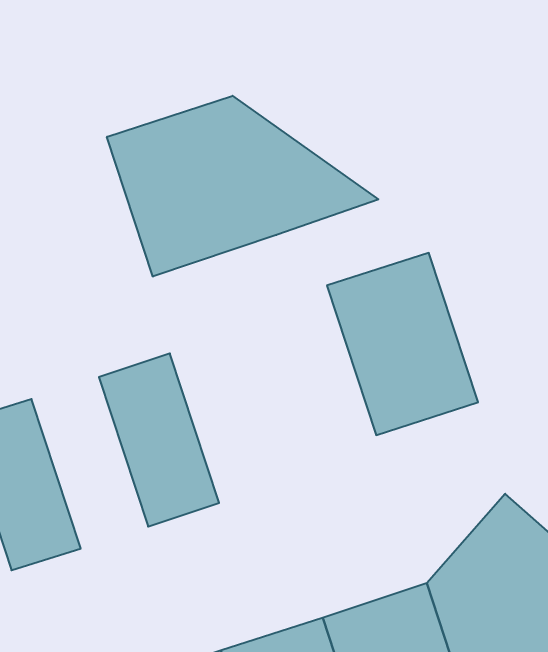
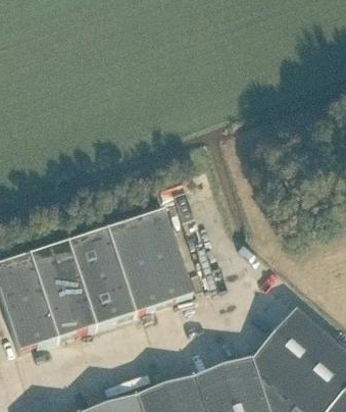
building: [107,96,378,277] -> none
building: [327,253,478,435] -> [108,210,193,312]
building: none -> [31,242,96,338]

